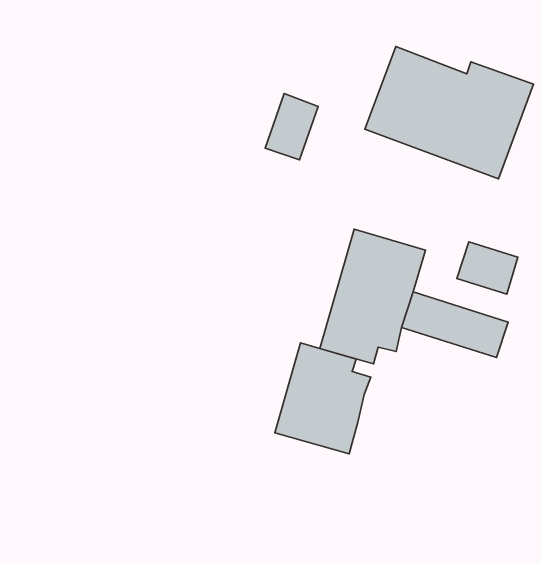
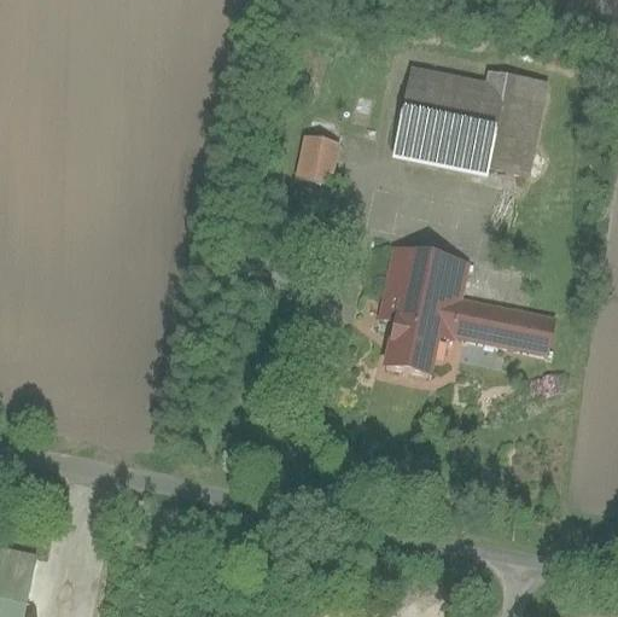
building: [457,242,518,294] -> none
building: [275,343,371,454] -> none

